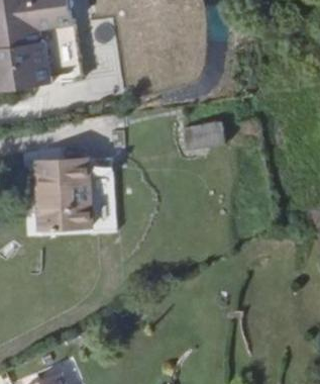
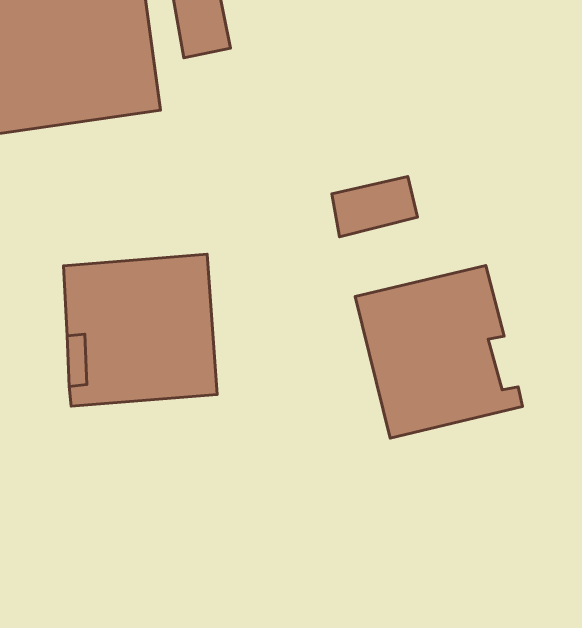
building: none -> [355,266,523,438]

